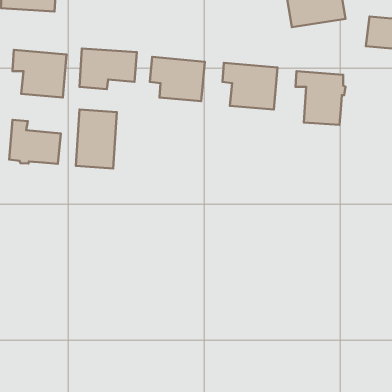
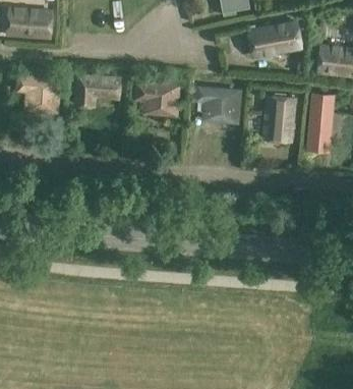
building: none -> [301,89,332,149]
building: [76,109,117,169] -> none
building: [9,120,61,164] -> none

